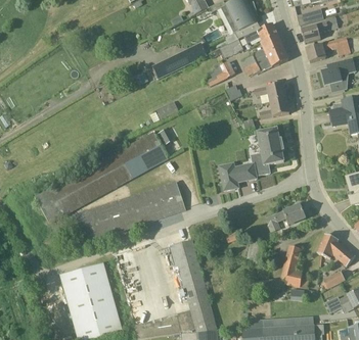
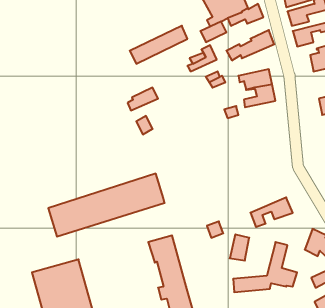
building: [241,34,283,65] -> none
building: [219,128,284,190] -> none
building: [37,130,169,221] -> none

